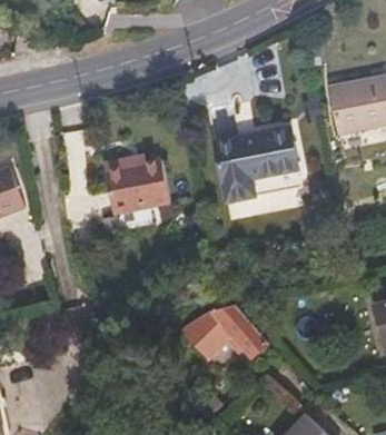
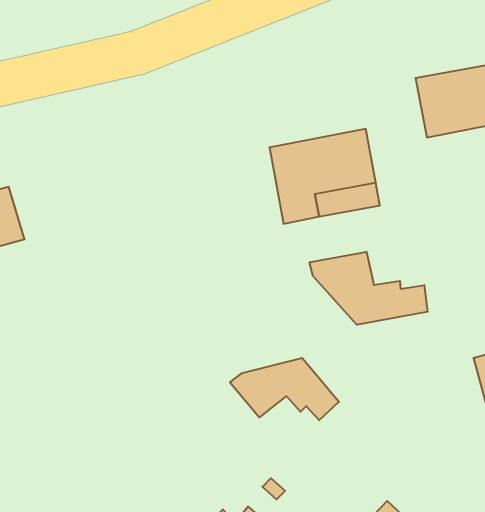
building: [102,158,169,230] -> none
building: none -> [309,252,427,325]

